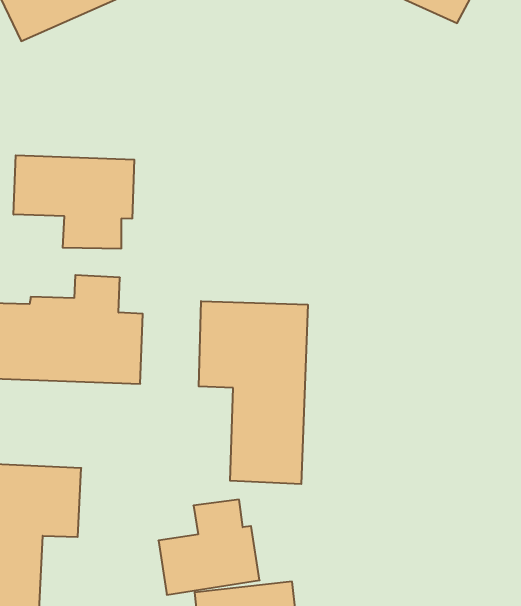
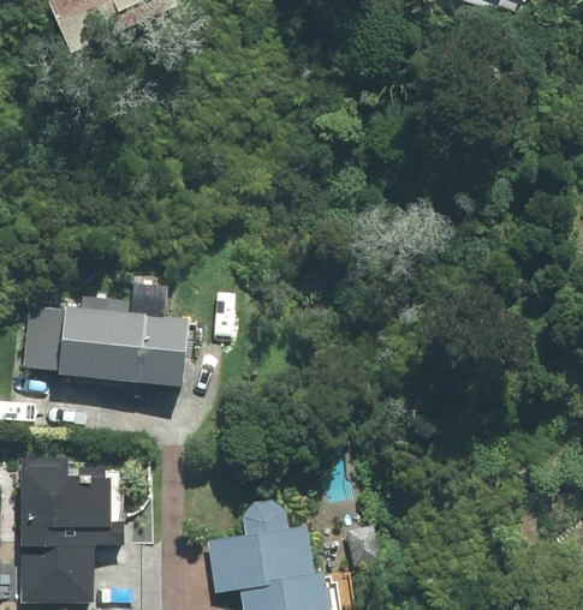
building: [14,155,134,249] -> none
building: [199,301,308,484] -> none

